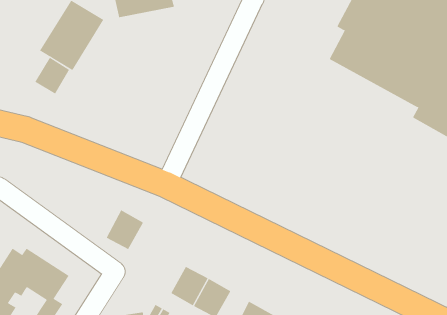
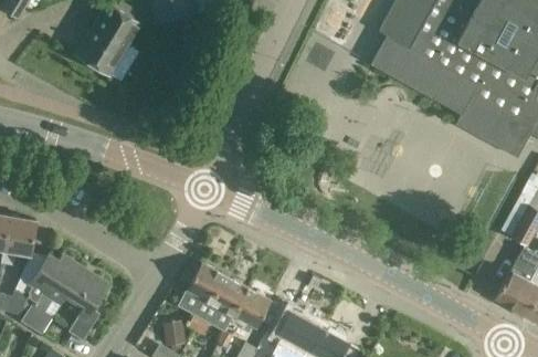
building: [34,57,70,94] -> none
building: [106,210,144,250] -> [186,261,224,302]

